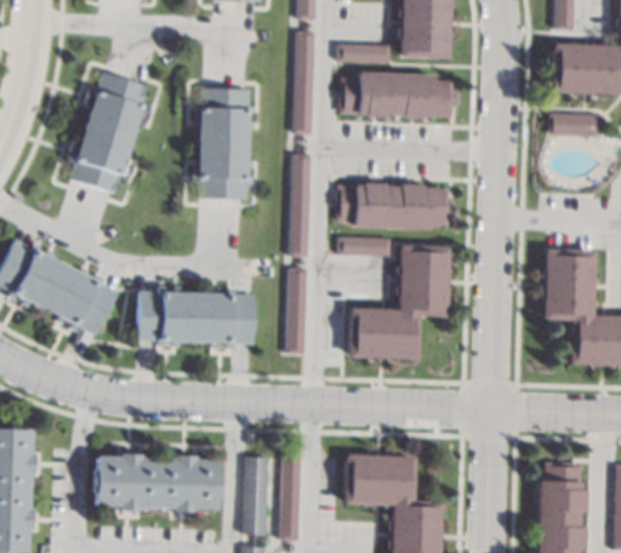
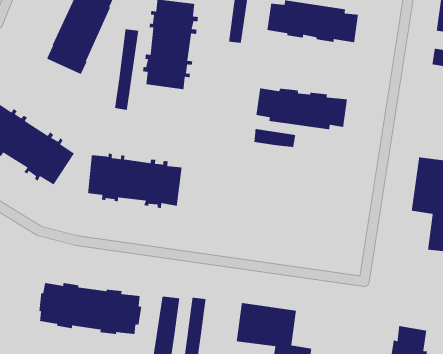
building: [291,155,312,257] -> [114,28,139,111]
building: [349,246,450,360] -> none
building: [286,268,308,354] -> none

